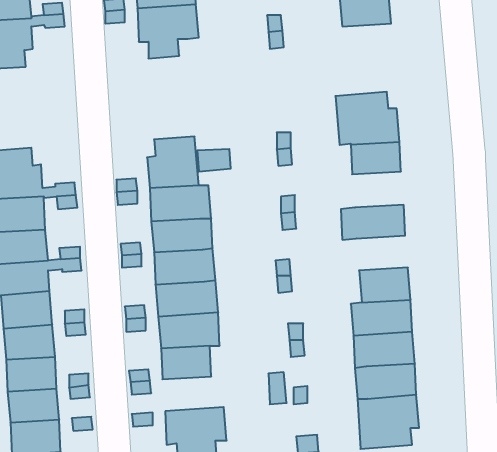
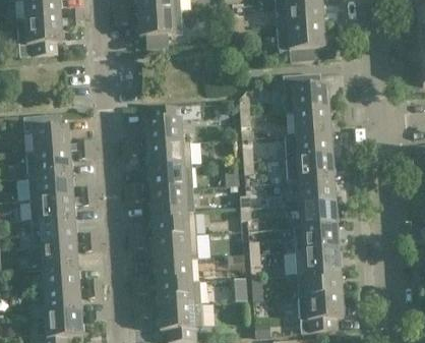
building: none -> [277,22,324,61]
building: none -> [284,130,331,158]
building: none -> [297,177,335,203]
building: none -> [156,279,200,305]

